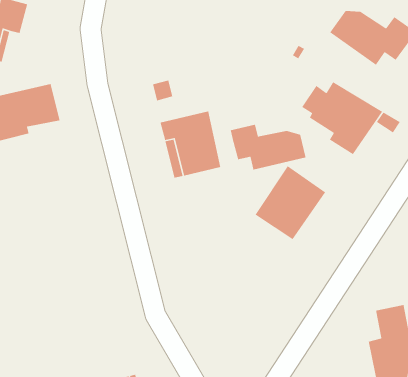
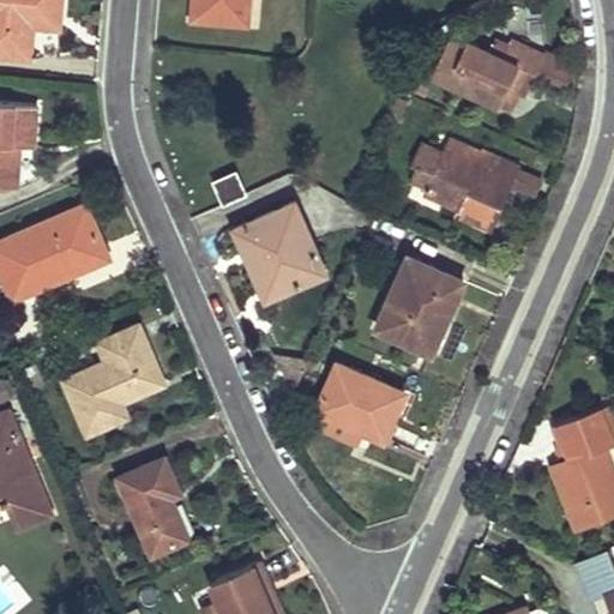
building: [230,124,307,170] -> none
building: none -> [65,327,165,435]
building: none -> [312,366,407,451]
building: none -> [120,459,191,556]

